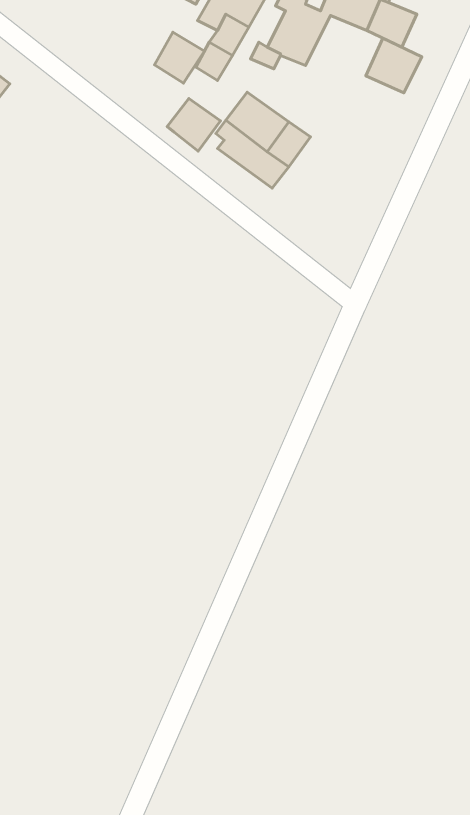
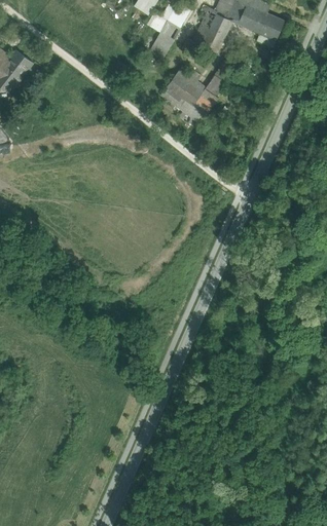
building: [154,32,204,83] -> none
building: [366,38,422,93] -> none
building: [167,99,221,151] -> none

